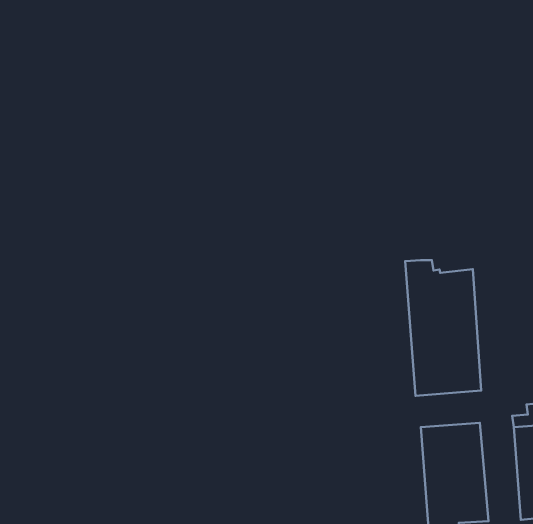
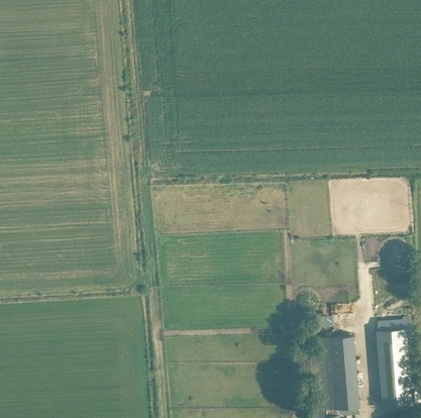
building: [405,260,481,396] -> none

